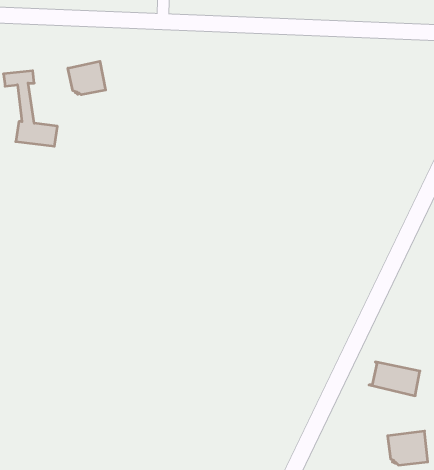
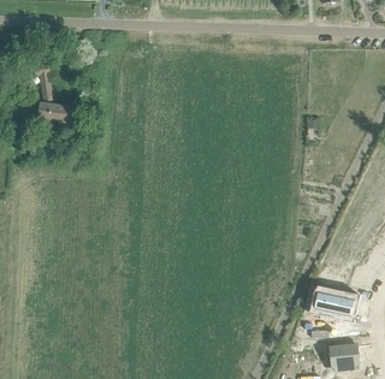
building: [68,61,106,95] -> none

